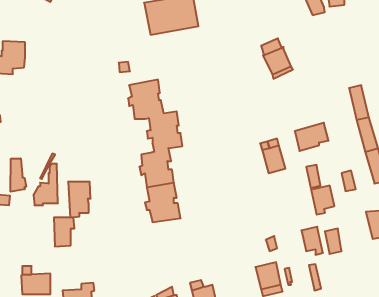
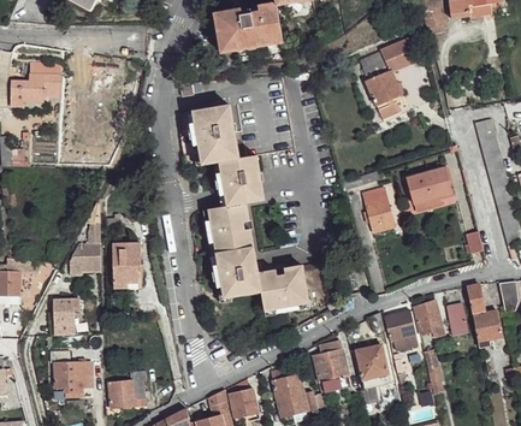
building: none -> [380,39,418,72]
building: [11,158,26,192] -> none
building: [306,165,334,215] -> [464,284,501,348]
building: none -> [255,262,307,309]
building: [54,217,74,246] -> [53,300,79,337]
building: none -> [384,310,415,345]
building: none -> [313,342,347,381]

